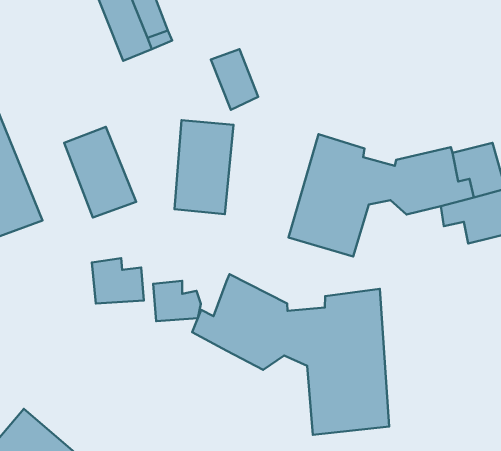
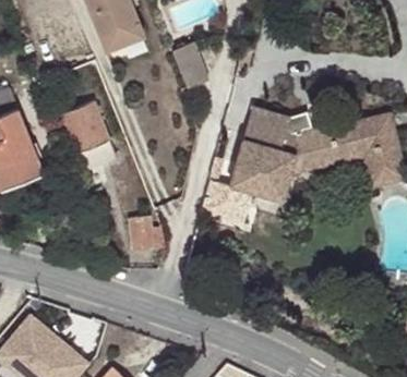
building: [174,120,234,214] -> none
building: [92,258,144,304] -> none
building: [192,274,389,435] -> none

